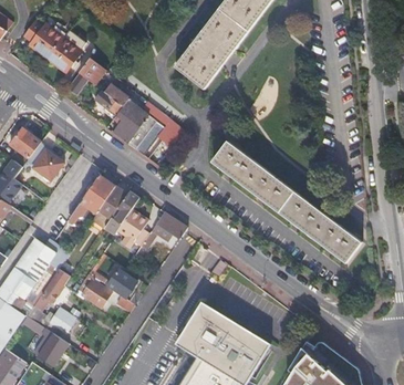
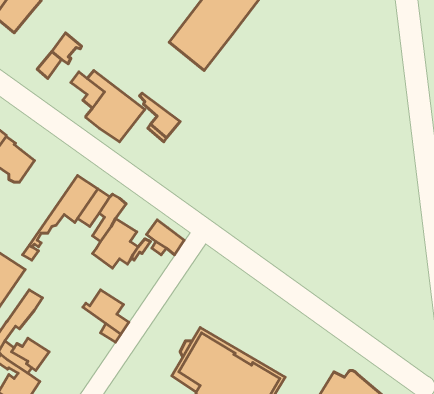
building: [48,39,81,72] -> none
building: [211,141,361,263] -> none
building: [75,273,111,306] -> none

